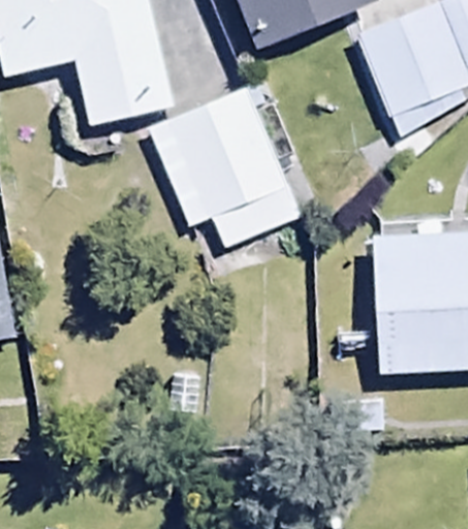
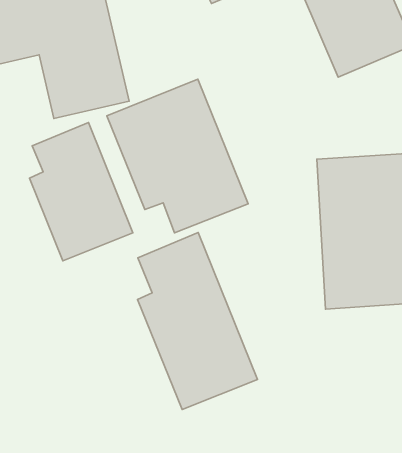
building: none -> [29,122,133,261]
building: none -> [138,233,257,410]

